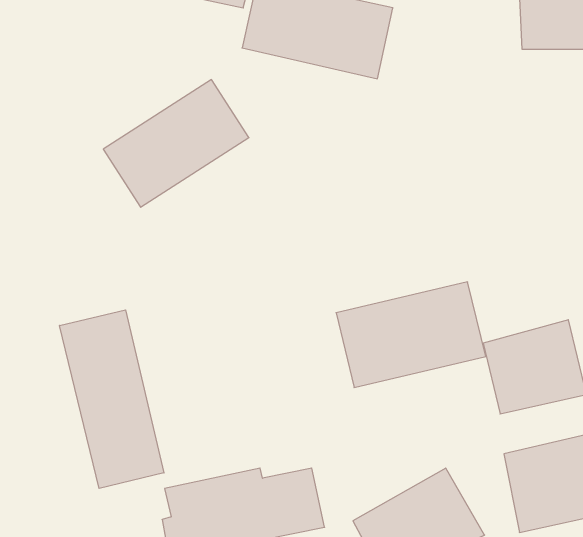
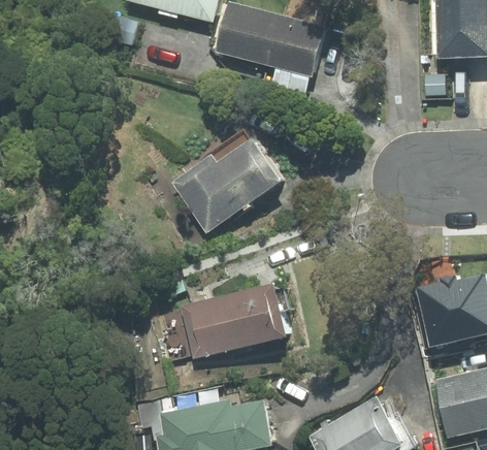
building: [103,80,249,207] -> [174,129,291,231]
building: [336,282,486,388] -> [177,279,297,363]
building: [60,310,164,488] -> none

